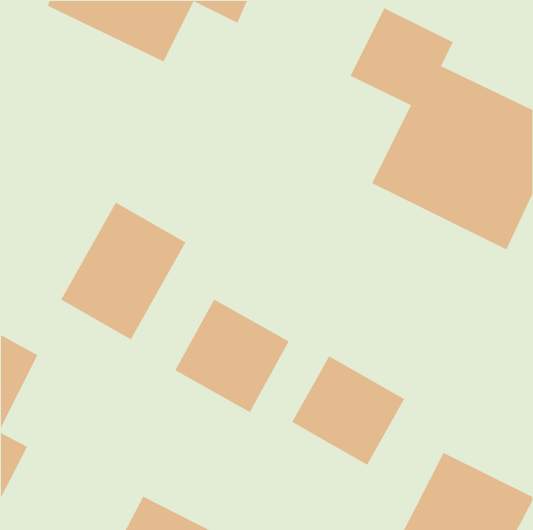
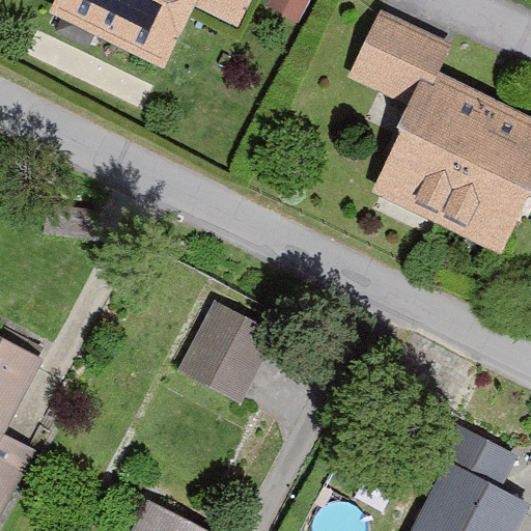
building: [60,201,187,341] -> none
building: [291,355,405,466] -> none

